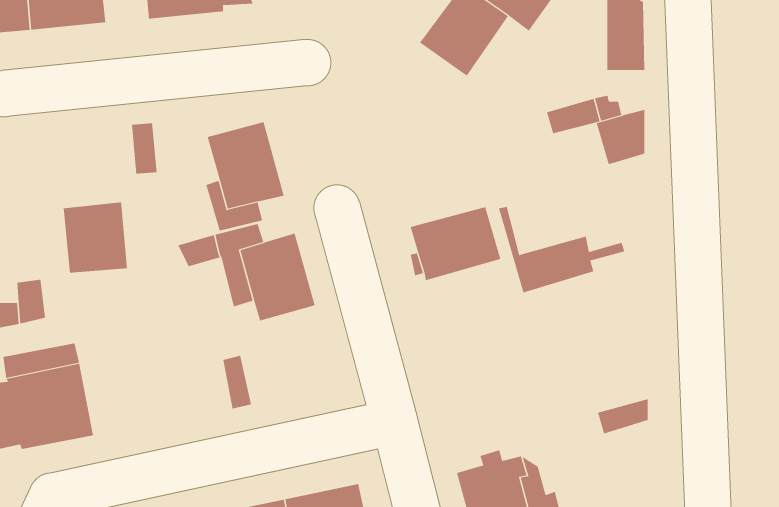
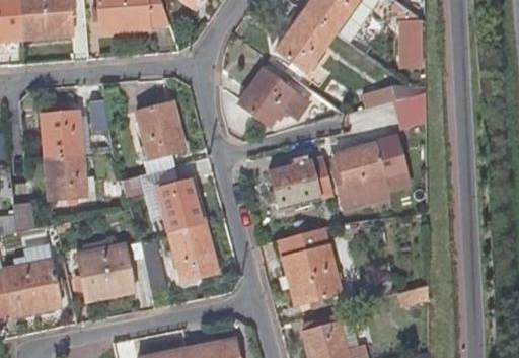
building: none -> [236,69,307,126]
building: none -> [39,112,81,157]
building: none -> [332,133,409,188]
building: none -> [171,221,221,281]
building: none -> [285,226,340,302]
building: none -> [81,243,137,300]

